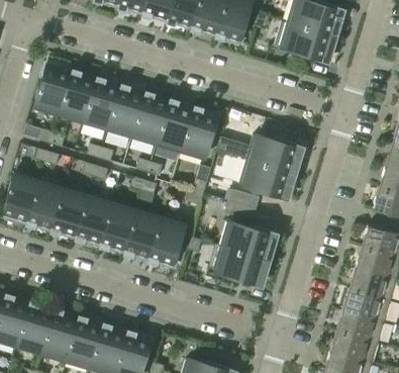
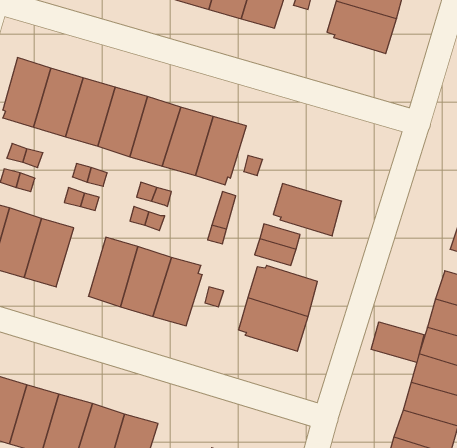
building: [246,133,299,172] -> none
building: [76,192,113,244] -> none
building: none -> [371,322,424,363]

